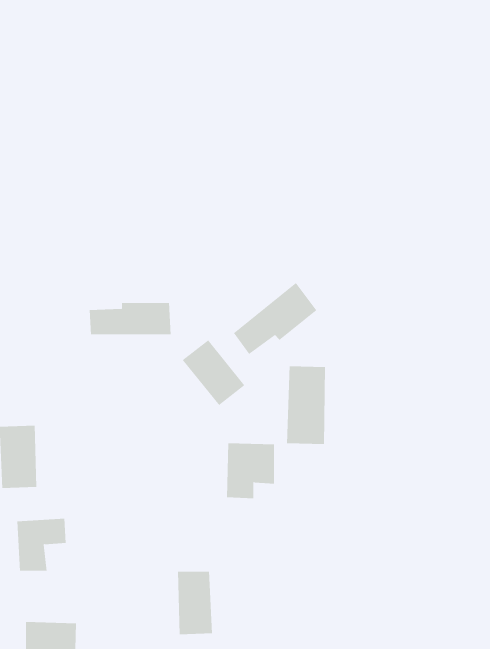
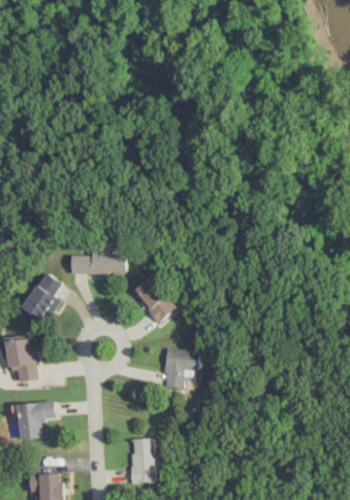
building: [233,282,317,355] -> none
building: none -> [21,273,67,323]
building: [287,366,325,445] -> none

